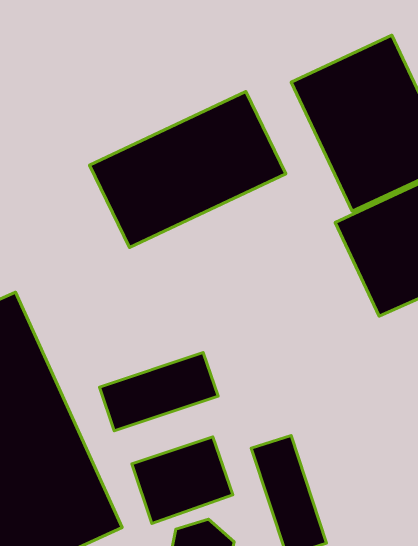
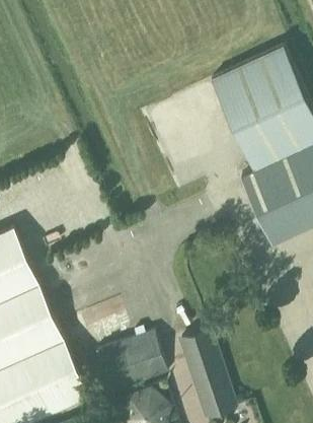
building: [90,91,286,248] -> none
building: [99,353,218,431] -> none

